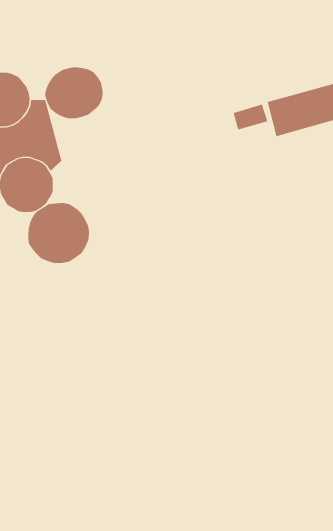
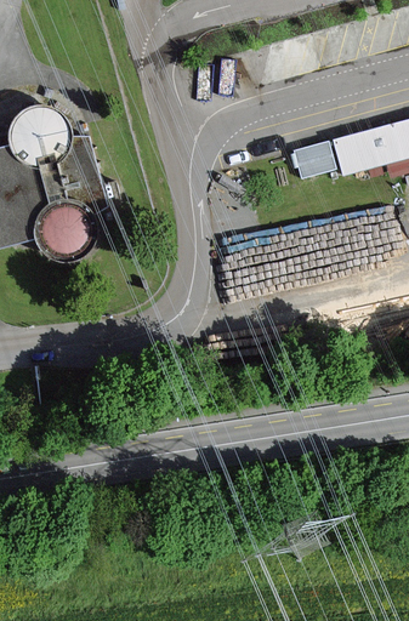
building: [44,66,103,119] -> none
building: [28,202,90,264] -> none

